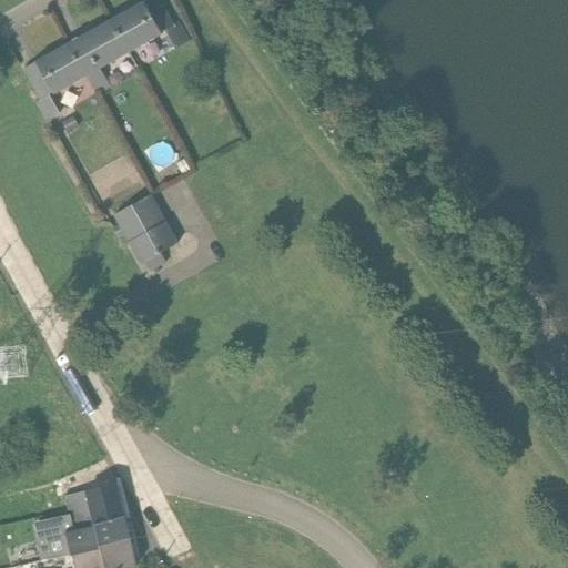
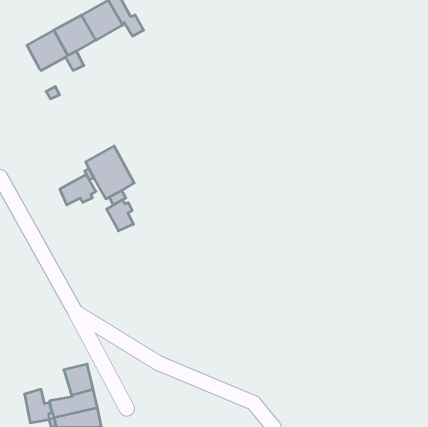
building: [23,60,61,121] -> none
building: none -> [60,175,96,205]
building: none -> [107,200,134,231]
building: [55,489,97,534] -> none

